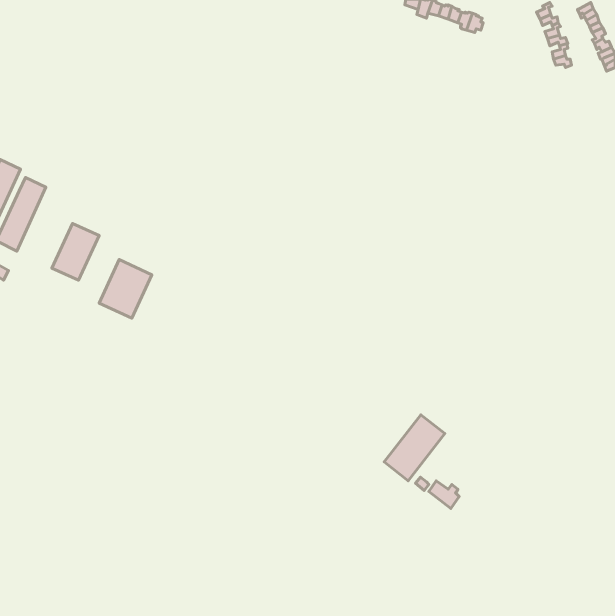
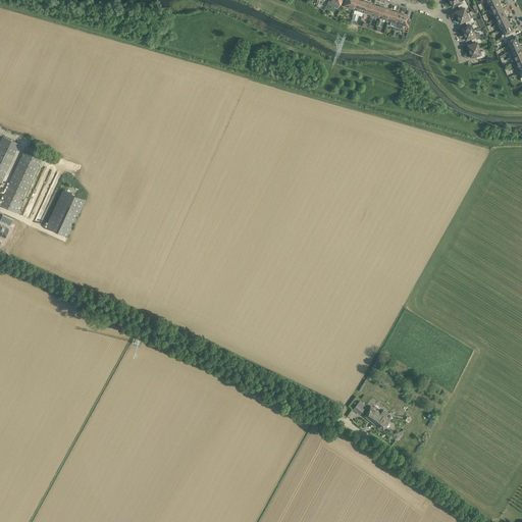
building: [99,260,152,318] -> none
building: [384,415,445,481] -> none

